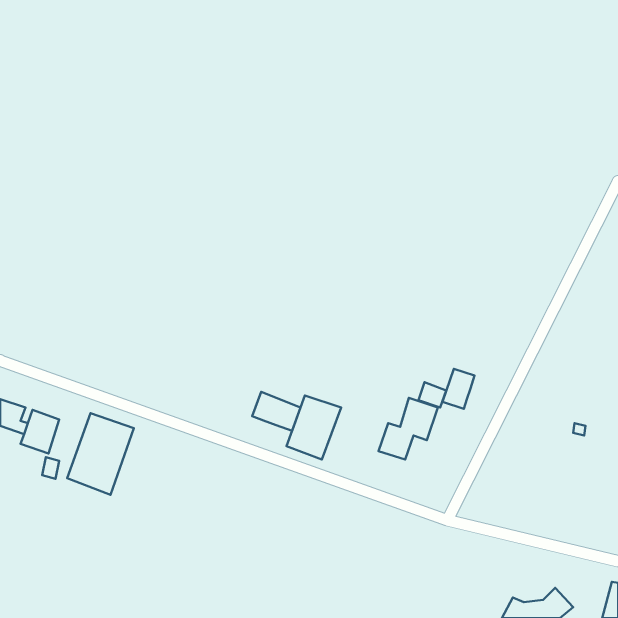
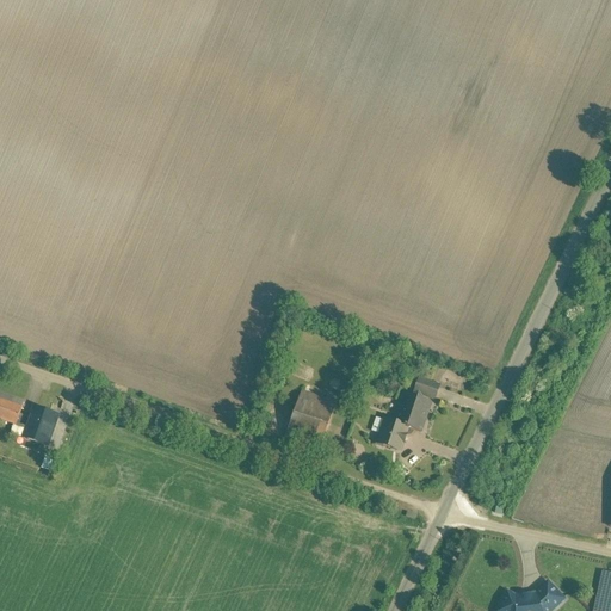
building: [442,369,475,409] -> none
building: [252,392,300,431] -> none
building: [67,413,134,495] -> none

